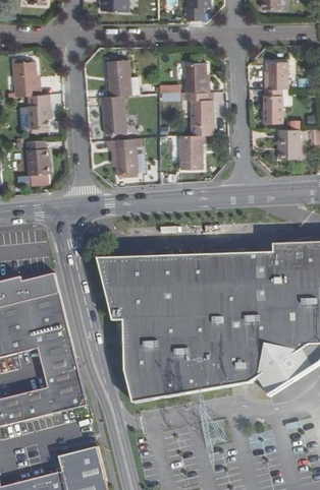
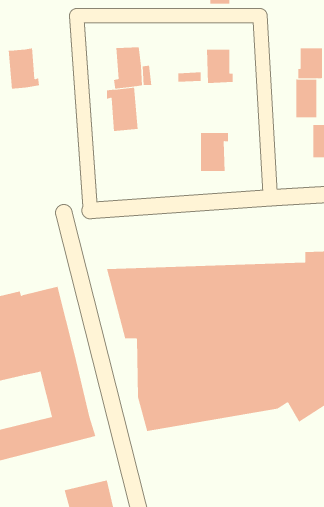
building: [185,91,213,135] -> none
building: [24,95,47,130] -> none
building: [105,138,139,175] -> none
building: [23,140,47,177] -> none

